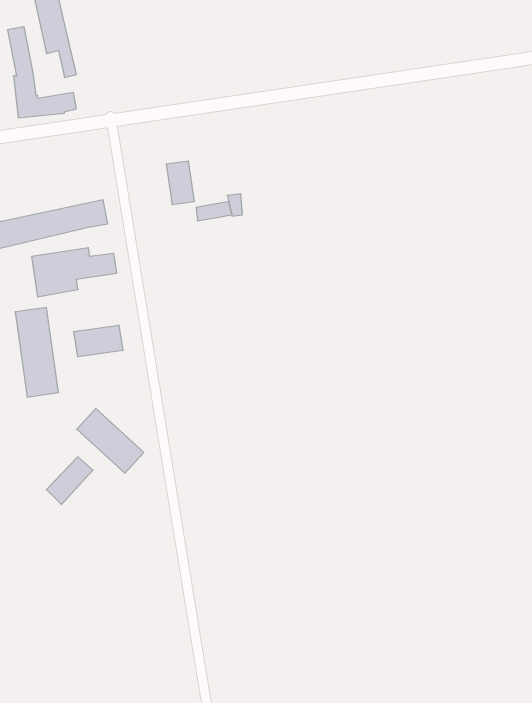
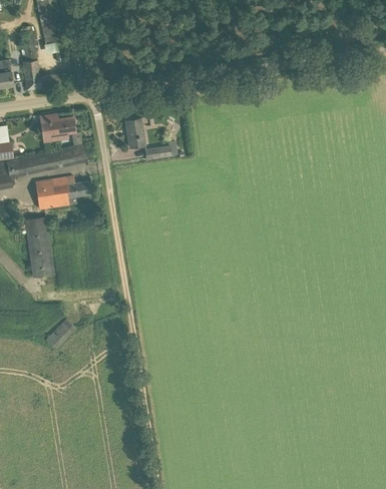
building: none -> [39,113,74,141]
building: [74,325,123,357] -> none
building: [77,409,144,473] -> none

